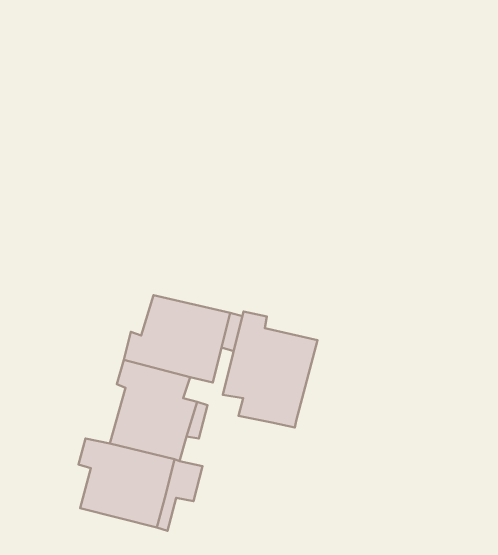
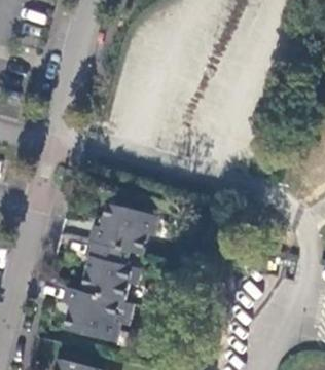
building: [223,312,317,427] -> none

